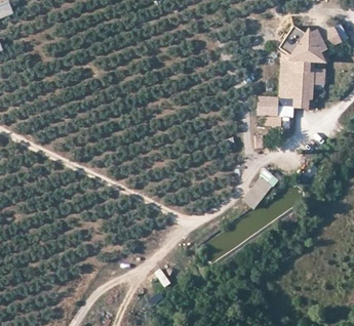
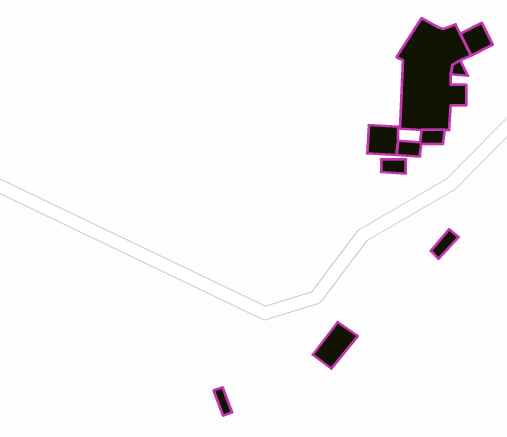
building: [242,177,272,208] -> [313,322,358,369]

